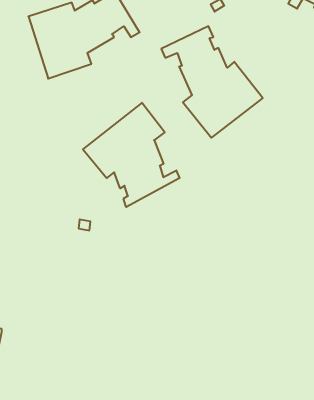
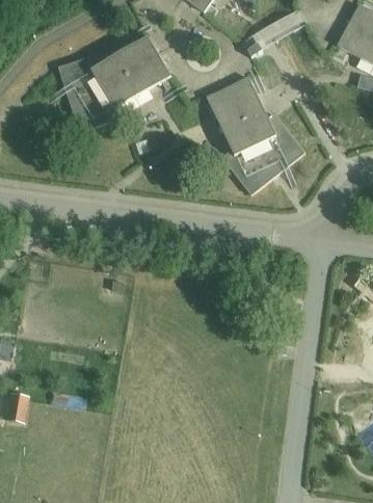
building: [83,103,180,207] -> none

